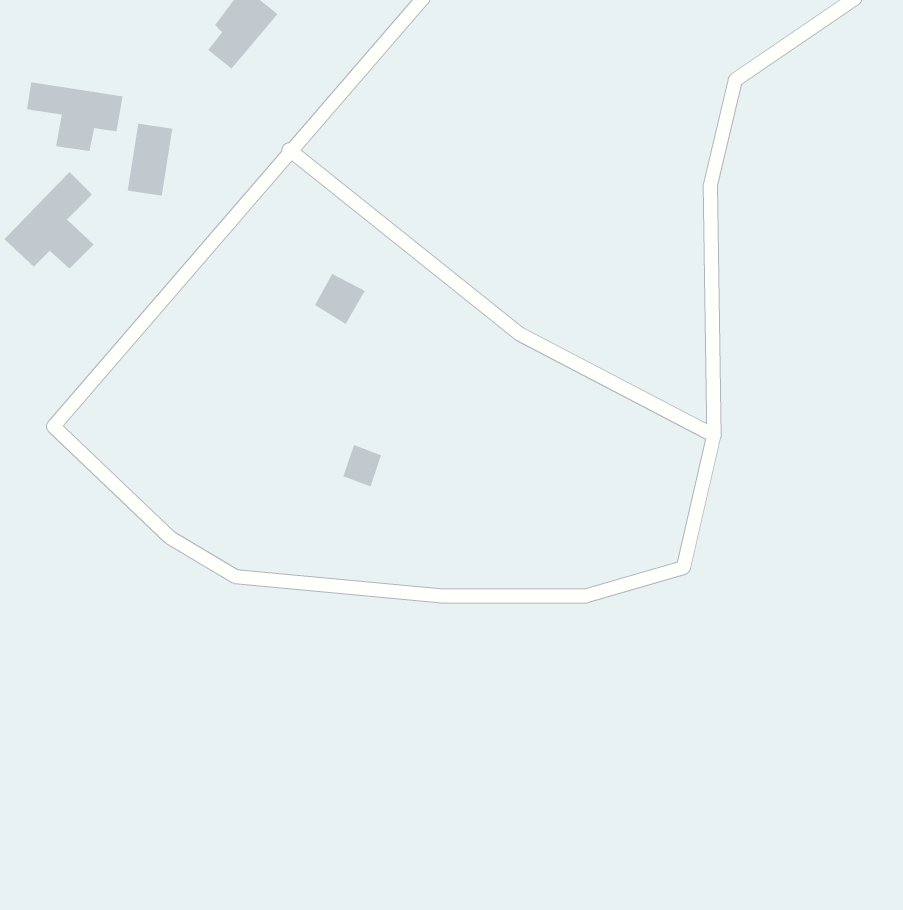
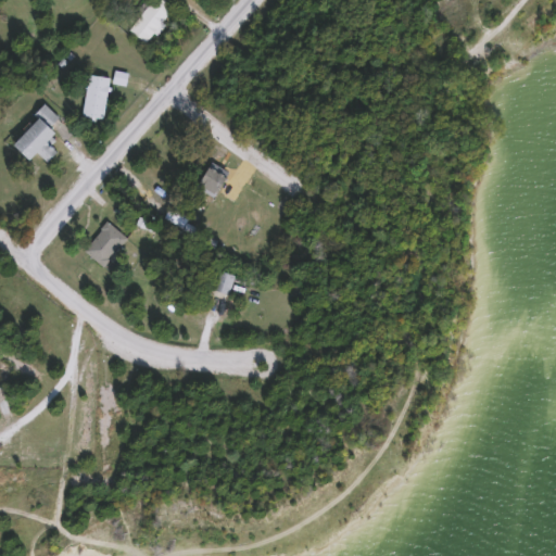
building: [27,81,123,152] -> none
building: none -> [86,222,130,268]

